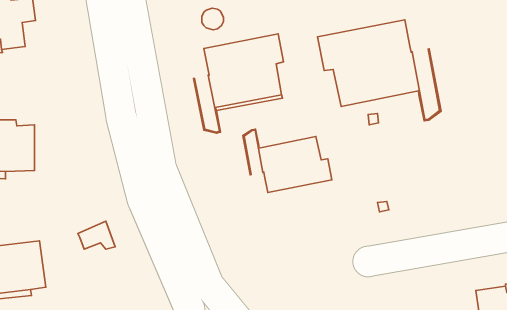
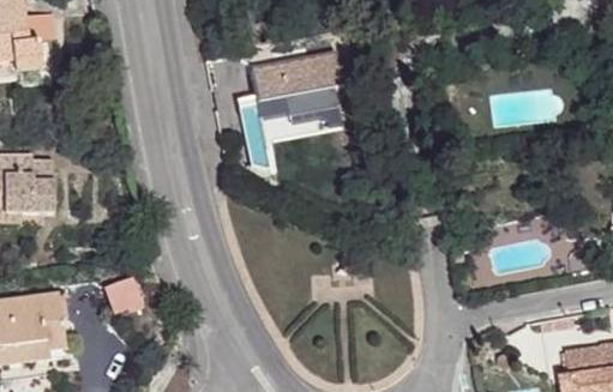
building: [317,20,441,121] -> none
building: [243,129,332,192] -> none

